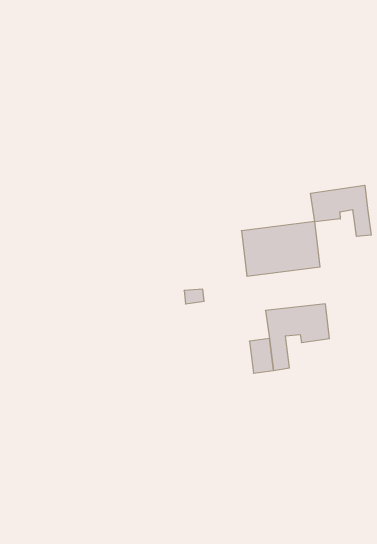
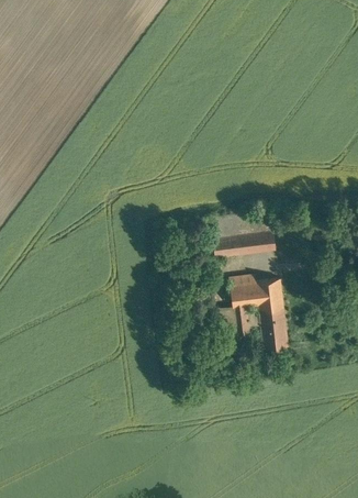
building: [311,185,371,236] -> none
building: none -> [248,310,288,352]

